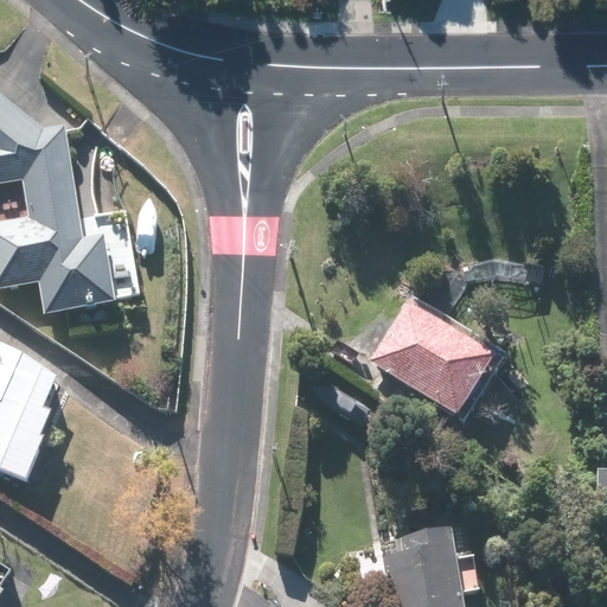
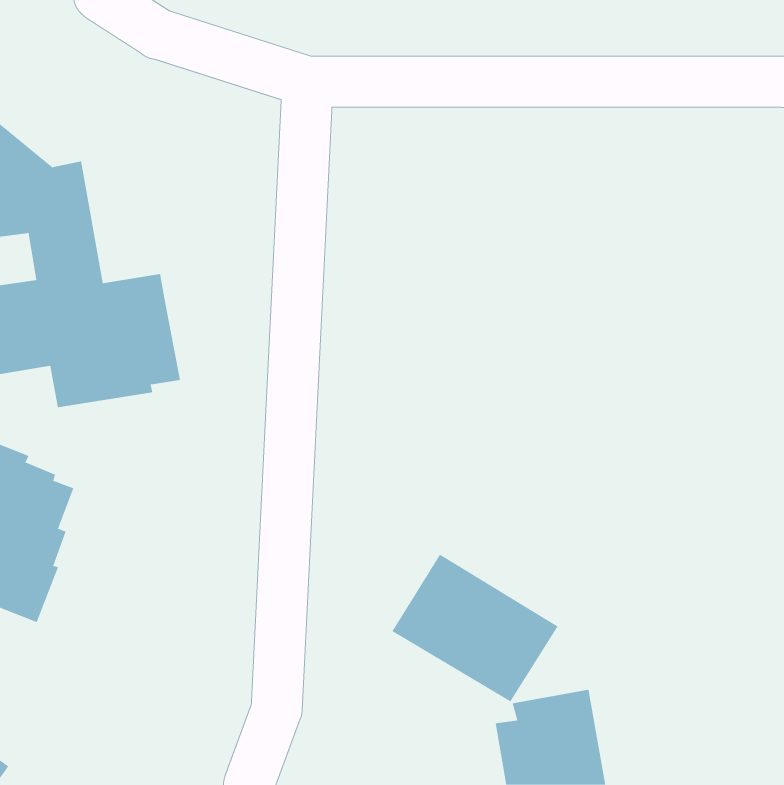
building: [365,299,493,413] -> [392,554,559,702]

